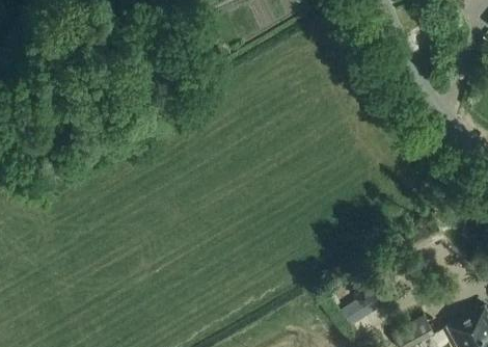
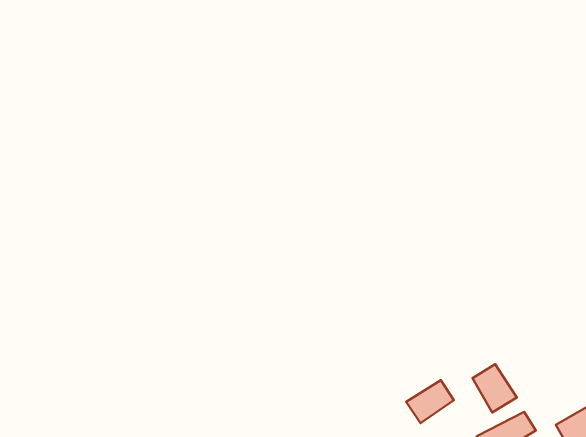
building: none -> [472,364,517,412]

